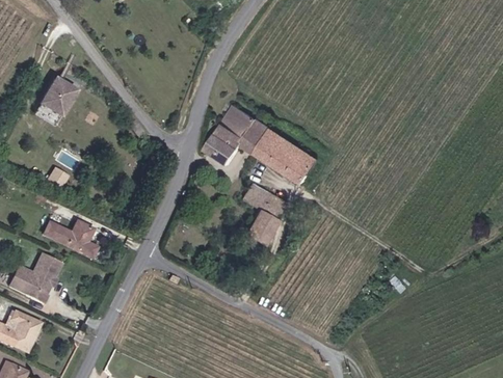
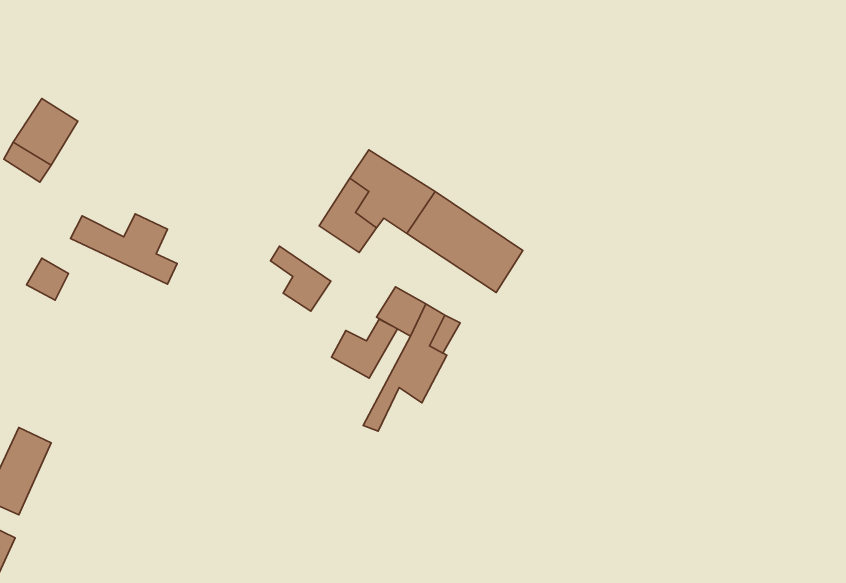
building: none -> [270,246,331,311]
building: none -> [332,319,398,378]
building: [39,221,98,260] -> [71,214,177,284]

